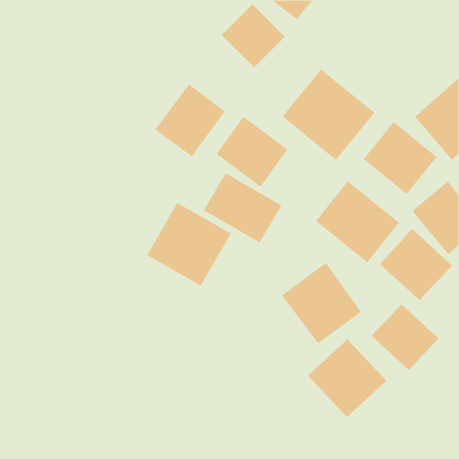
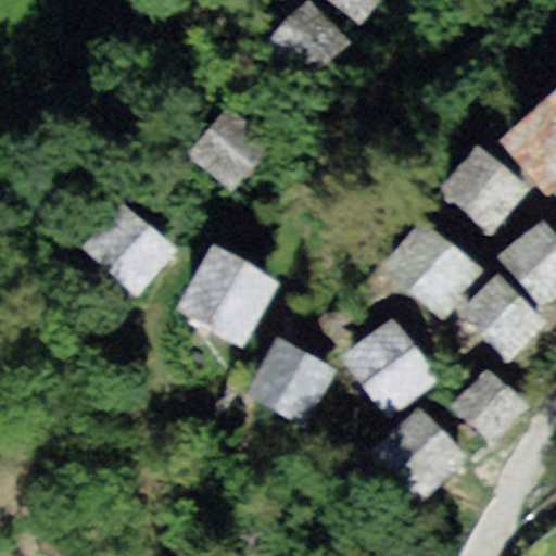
building: [282,68,375,161] -> none
building: [216,116,288,188] -> none
building: none -> [79,199,177,294]
building: [203,172,282,243] -> none
building: none -> [248,339,337,427]

